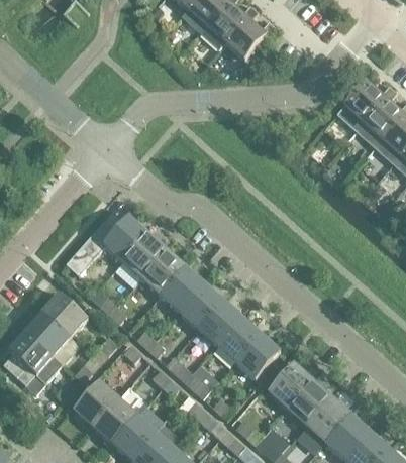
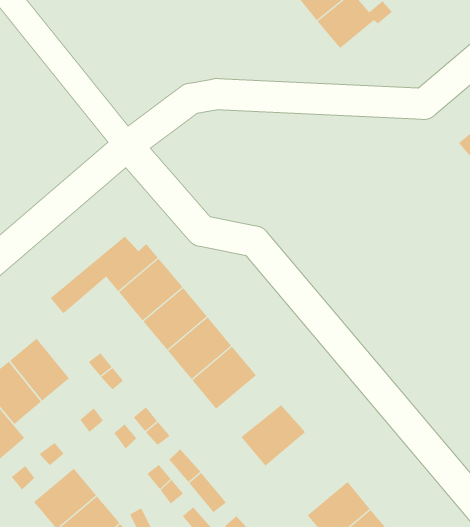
building: [194,298,239,343] -> none
building: [234,333,281,380] -> none

